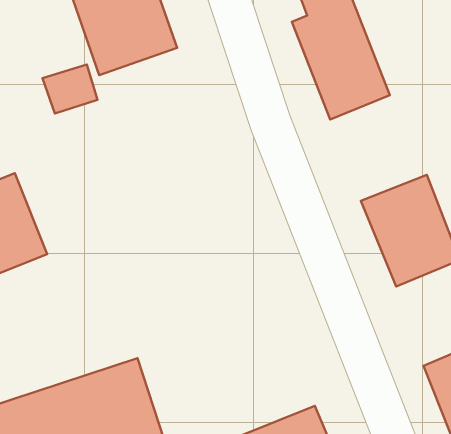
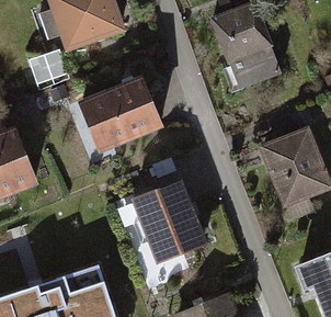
building: none -> [75,77,161,155]
building: none -> [128,181,203,264]

